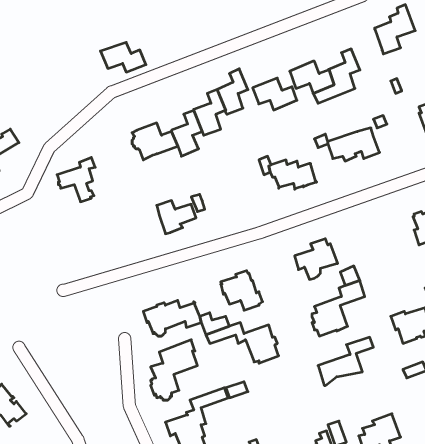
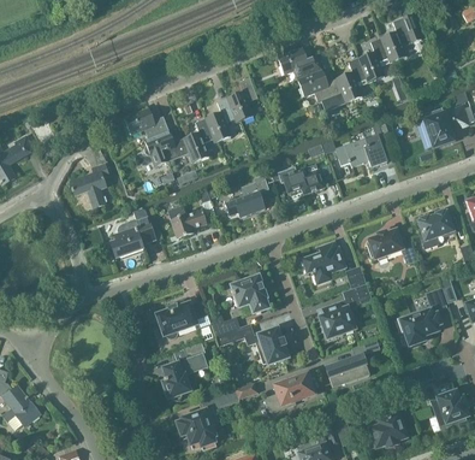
building: none -> [358,39,390,83]
building: [100,42,146,72] -> [124,108,168,137]
building: [253,78,297,110] -> [278,48,321,79]
building: none -> [225,175,268,217]
building: none -> [109,208,155,259]
building: none -> [367,230,417,264]
building: none -> [266,373,314,412]

